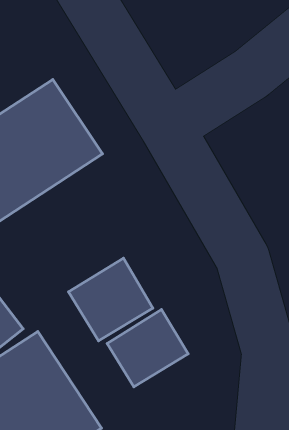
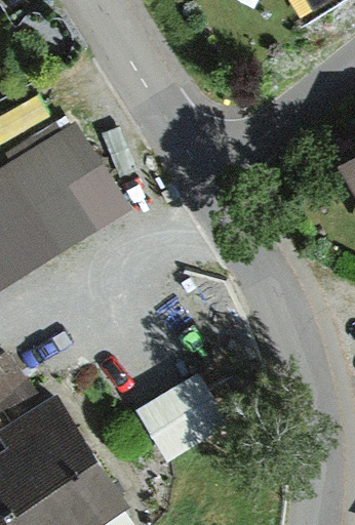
building: [68,258,153,341] -> none

